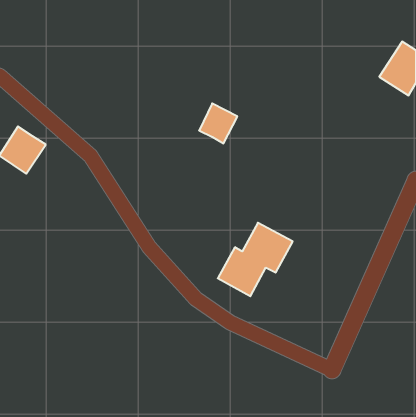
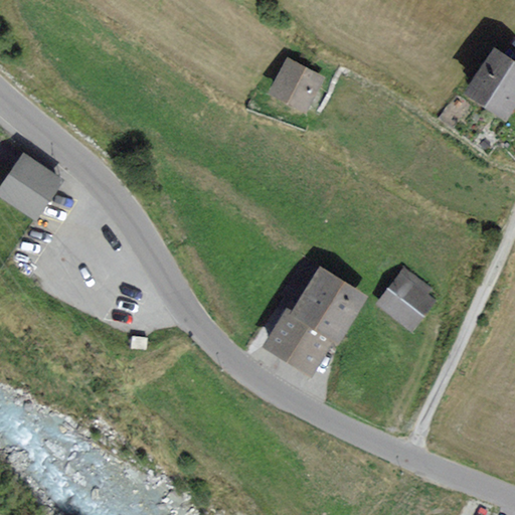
building: [199,103,237,143] -> [273,60,320,110]
building: none -> [378,270,430,326]

